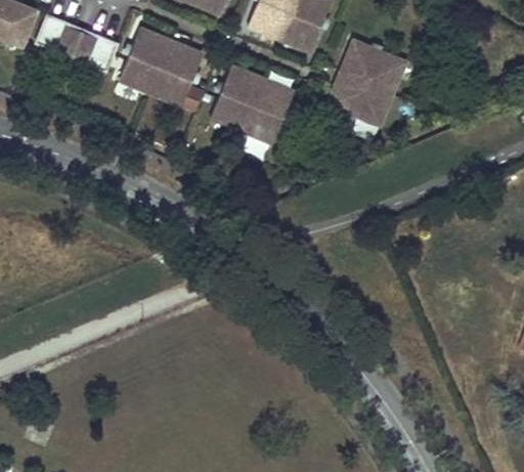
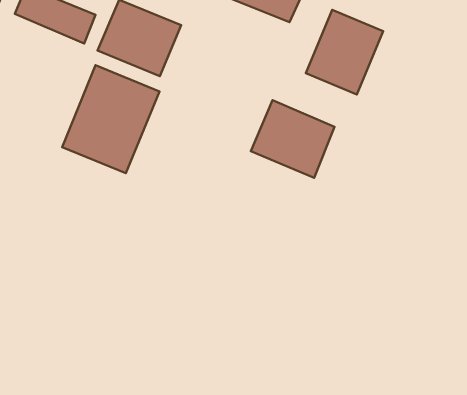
building: [210,66,294,143] -> [251,100,335,178]
building: none -> [62,65,159,173]

